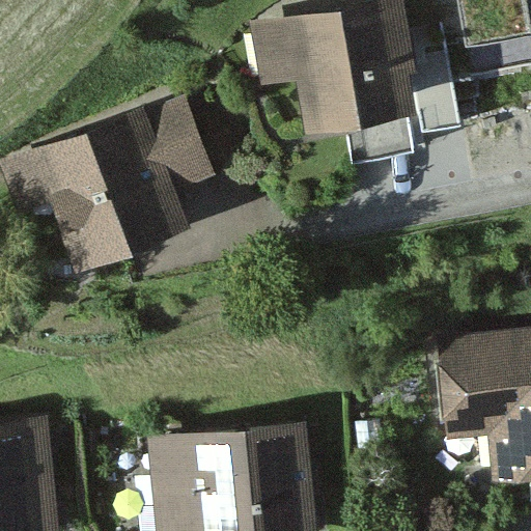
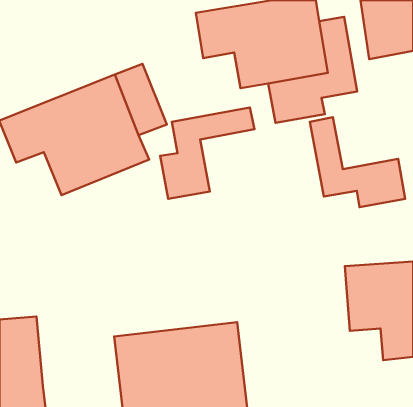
building: none -> [160,107,254,199]
building: none -> [310,117,405,207]

